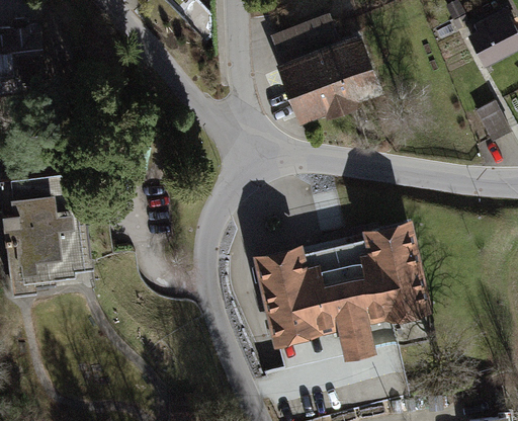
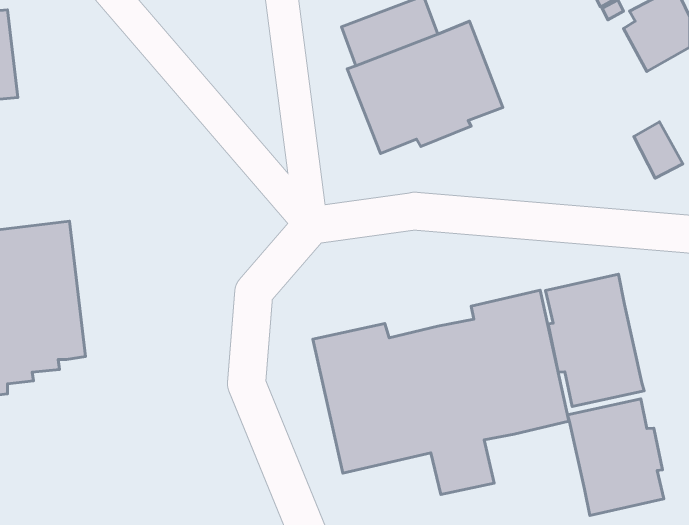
building: none -> [546,274,644,406]
building: none -> [568,399,664,515]

